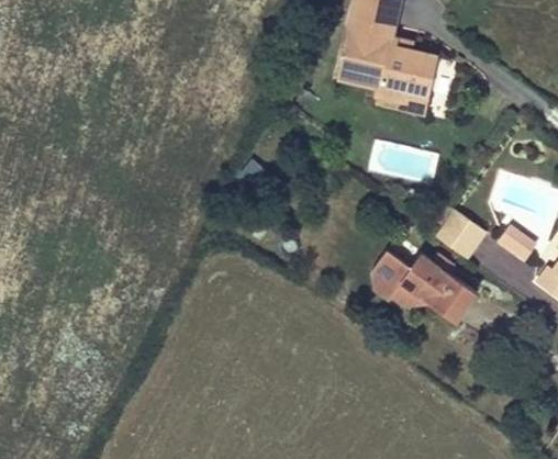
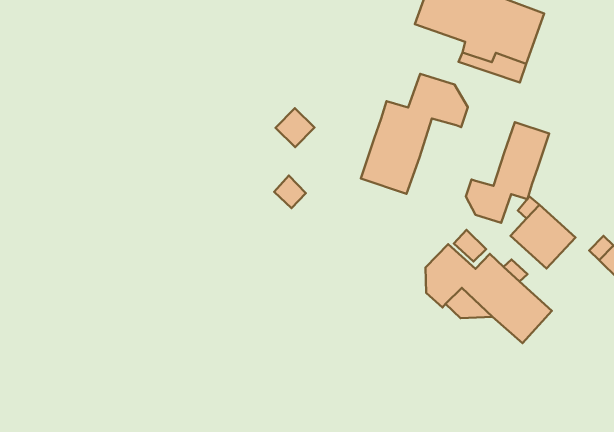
building: none -> [361,74,468,194]
building: none -> [466,122,549,223]

